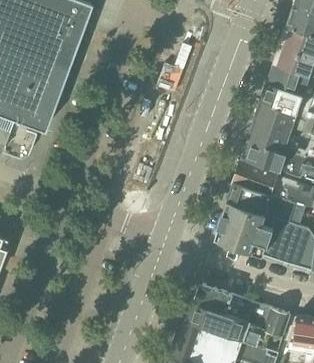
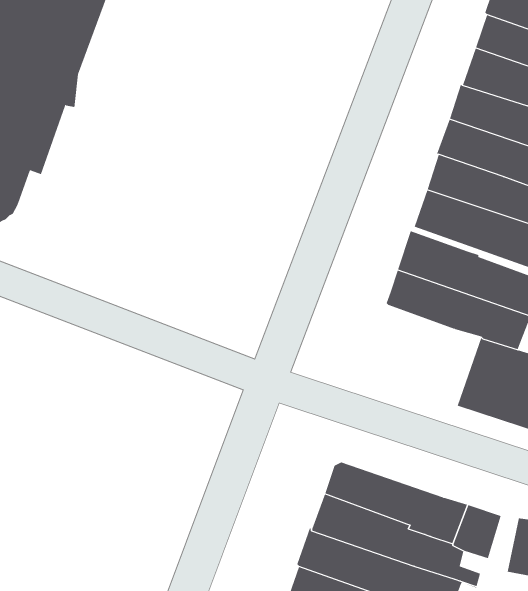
building: [215,199,278,254] -> none

